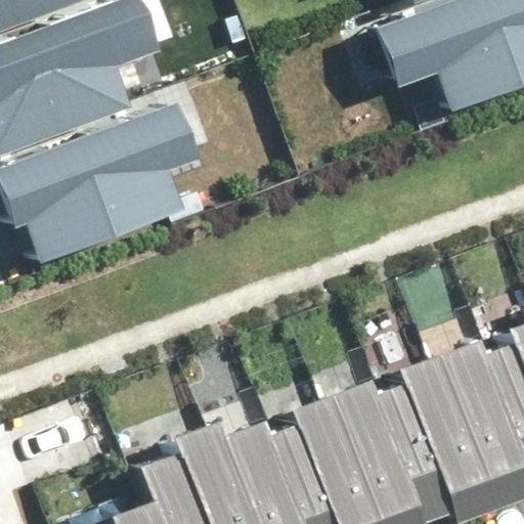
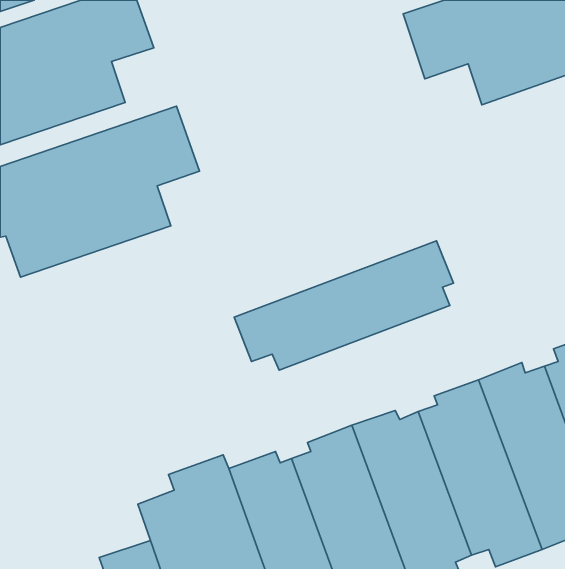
building: none -> [234,241,453,370]

